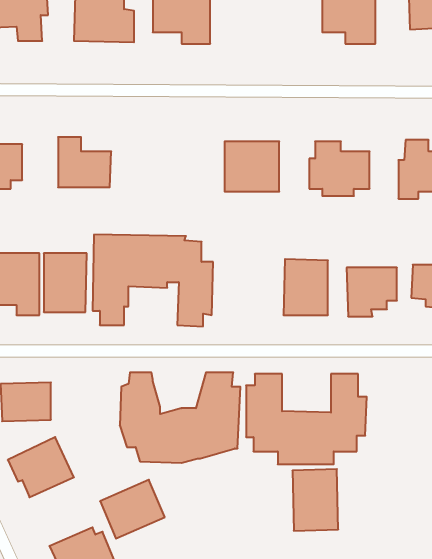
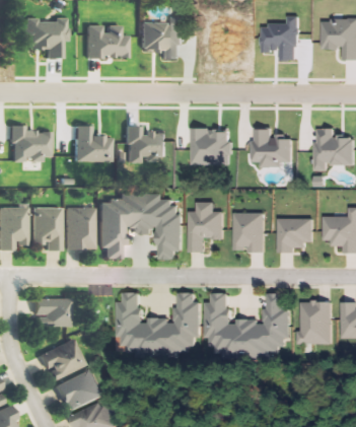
building: none -> [125,126,165,163]
building: none -> [188,201,224,253]
building: [292,469,338,531] -> [299,300,332,344]
building: [100,480,165,539] -> [56,369,101,411]

